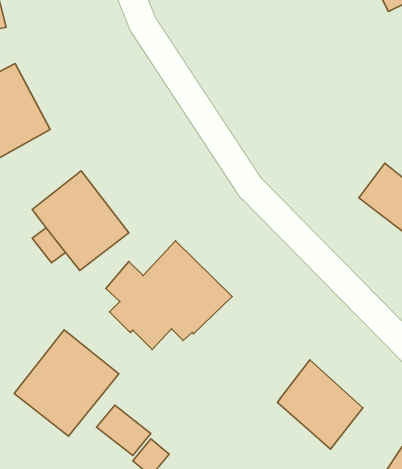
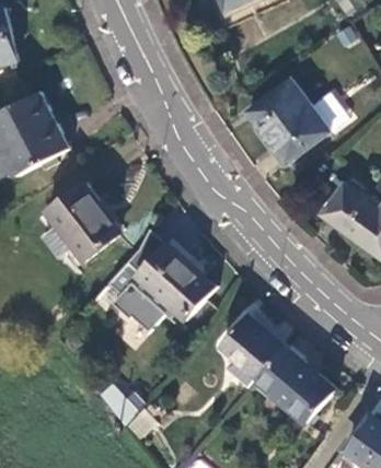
building: none -> [247,72,347,157]
building: none -> [210,307,279,378]
building: [14,330,119,436] -> none

